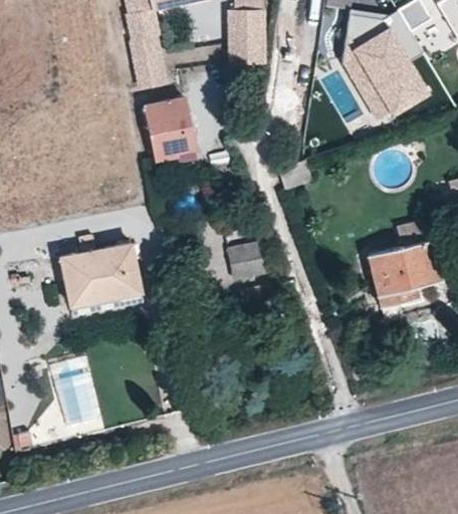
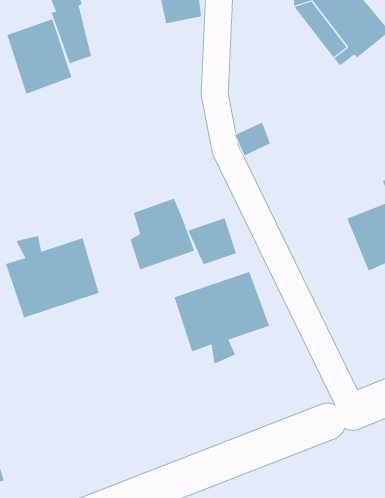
building: [143,97,196,162] -> [6,18,72,95]
building: none -> [130,198,195,270]
building: none -> [174,271,270,364]

